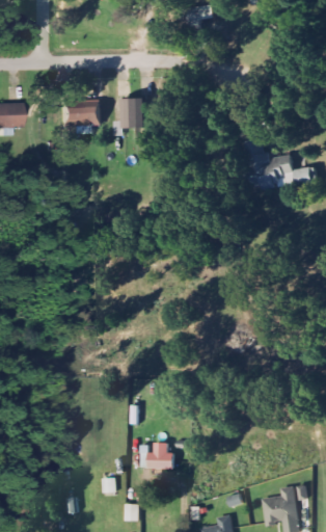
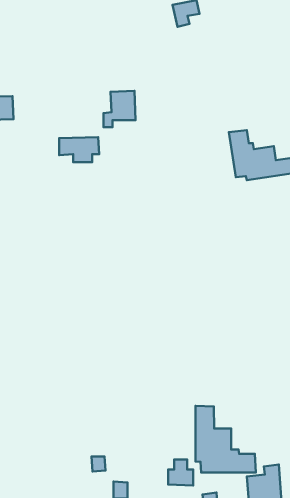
building: [59,107,101,133] -> [59,137,99,162]
building: none -> [195,406,256,473]
building: [148,442,174,469] -> [168,459,193,485]

